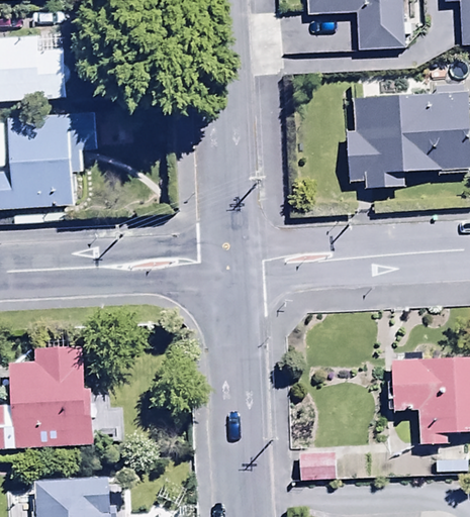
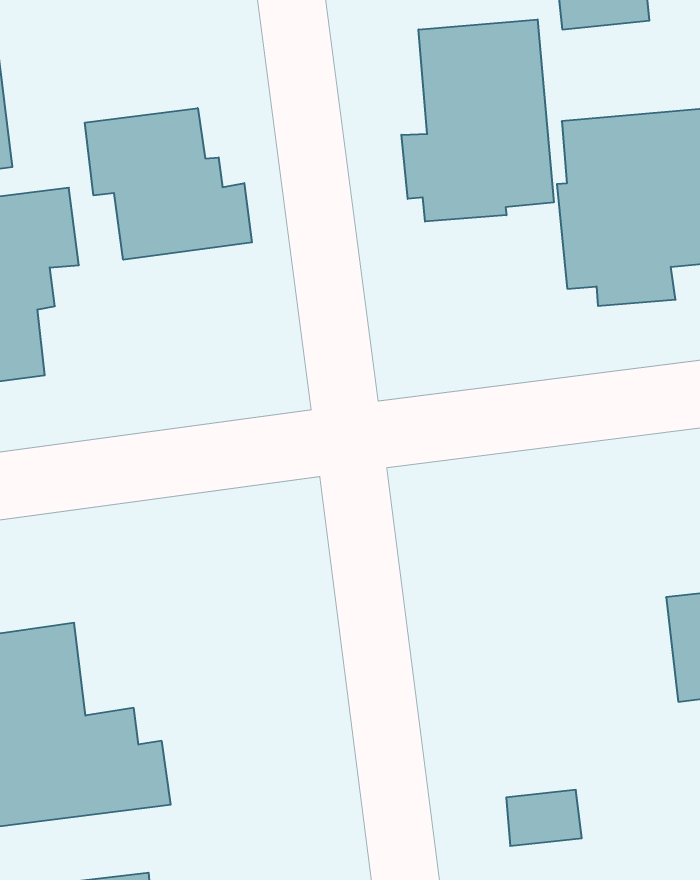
building: none -> [401,19,554,222]
building: none -> [85,108,252,260]

